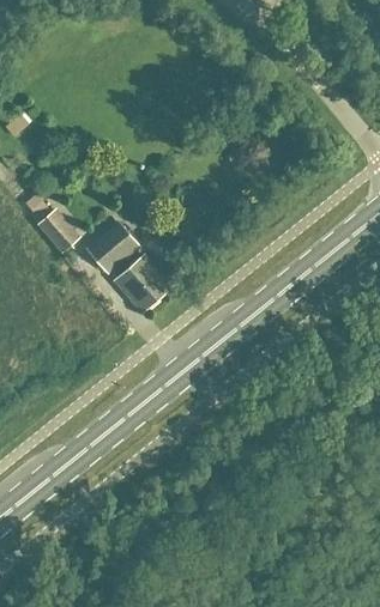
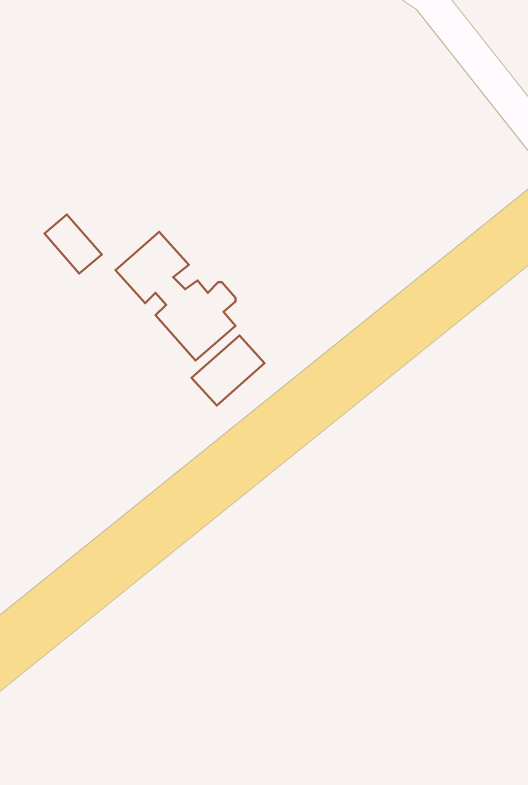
building: none -> [192,335,265,405]

